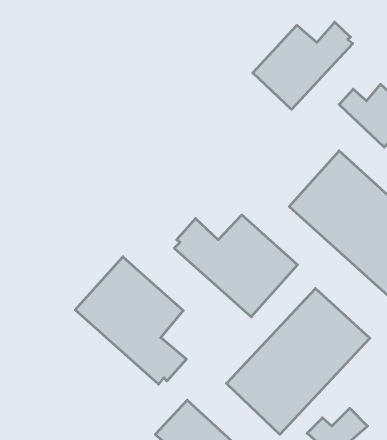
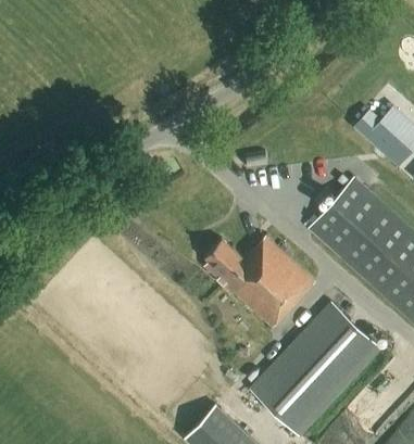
building: [253,22,353,109] -> none
building: [75,257,186,384] -> none

